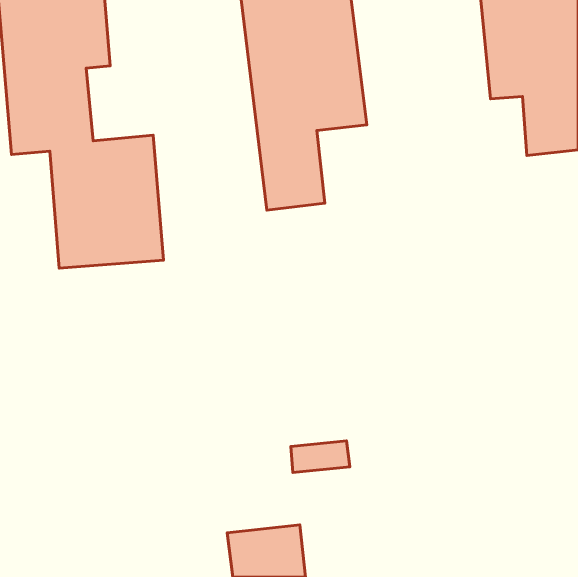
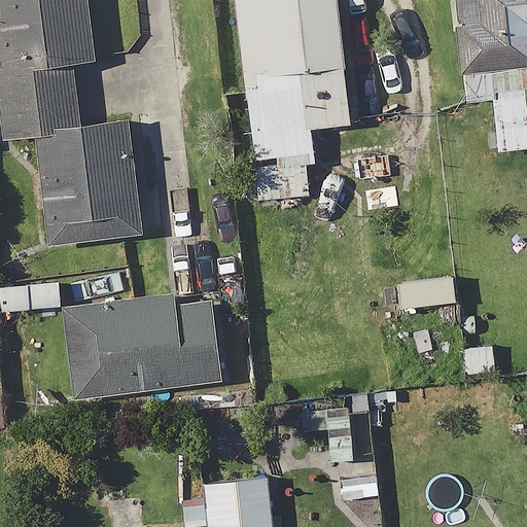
building: none -> [68,295,225,397]

